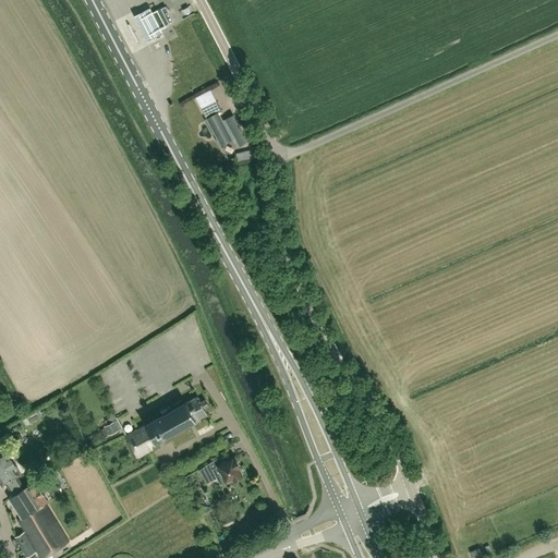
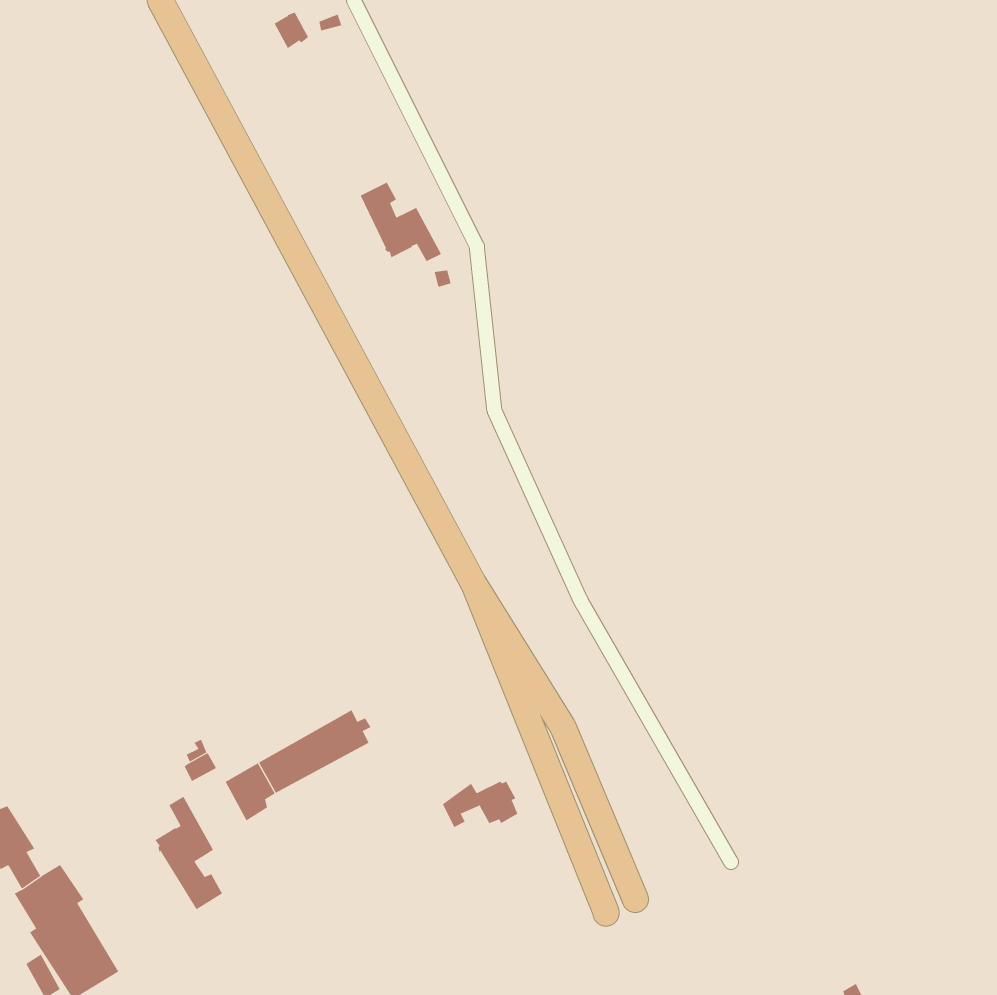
building: none -> [154,796,223,910]
building: [198,460,241,486] -> [442,781,518,828]

